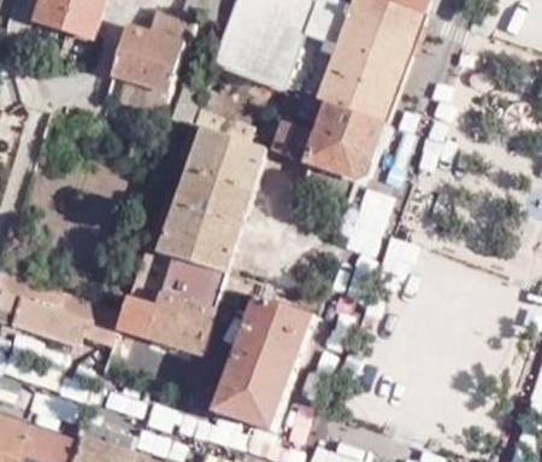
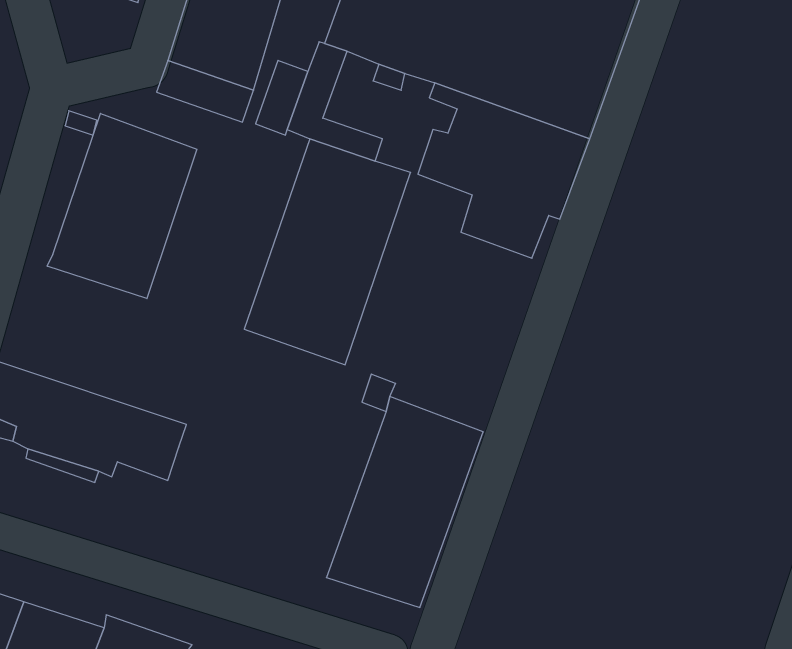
building: none -> [47,113,197,299]
building: [117,244,224,353] -> none

